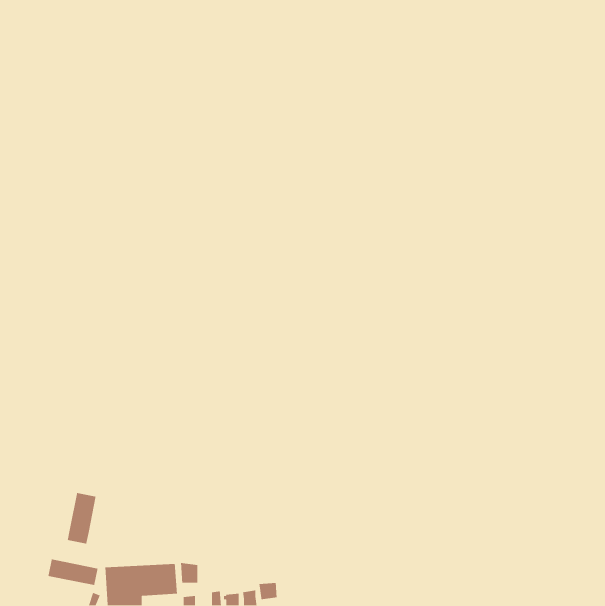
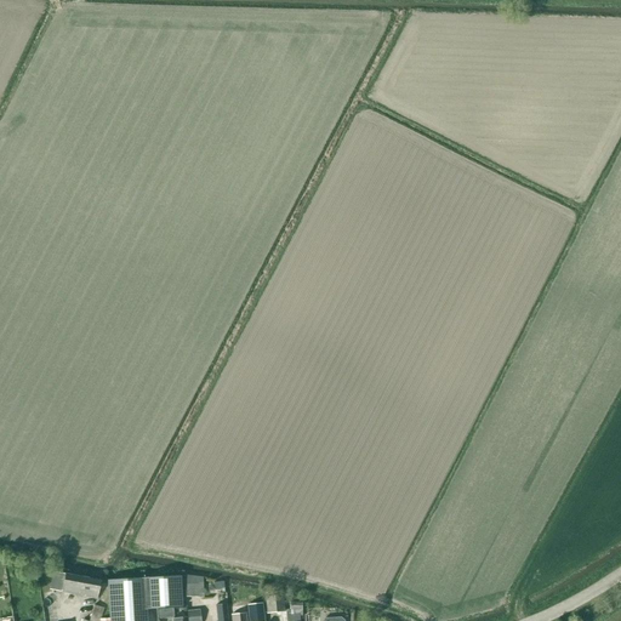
building: [67,492,97,545] -> none

